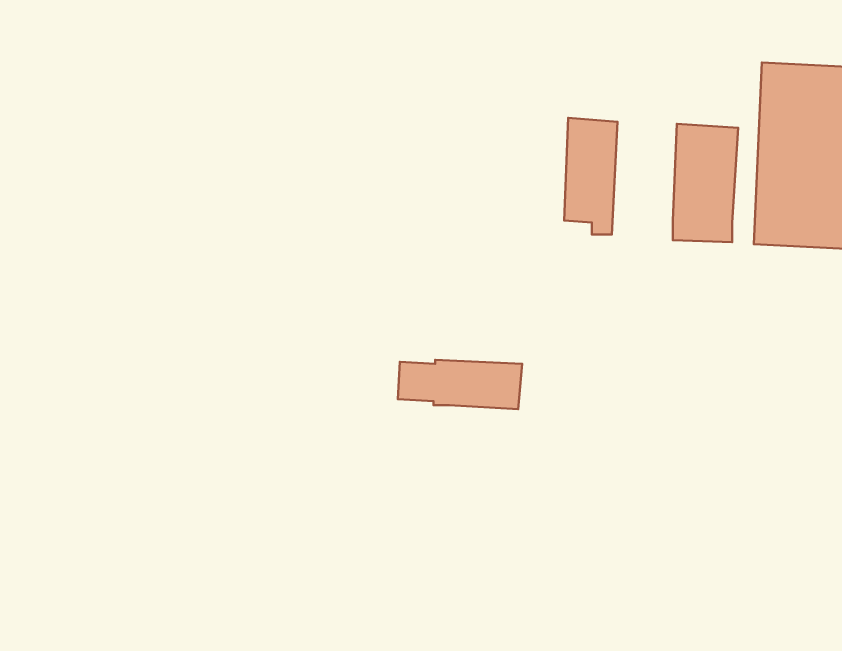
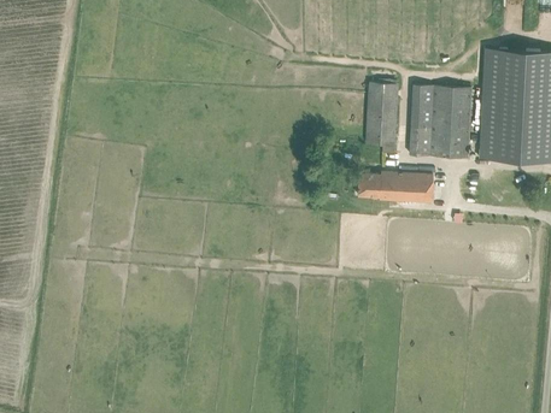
building: none -> [409,84,433,157]
building: [398,360,522,409] -> [358,172,434,202]

